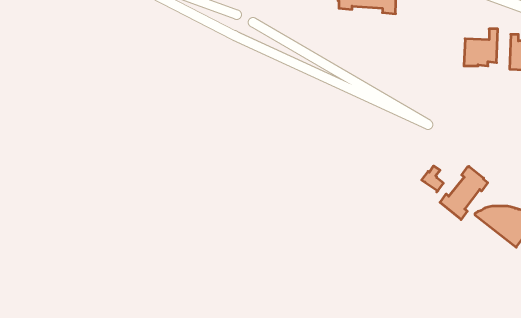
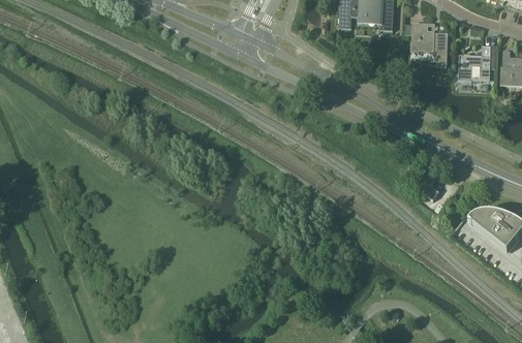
building: none -> [410,23,447,67]
building: [440,166,488,220] -> none

